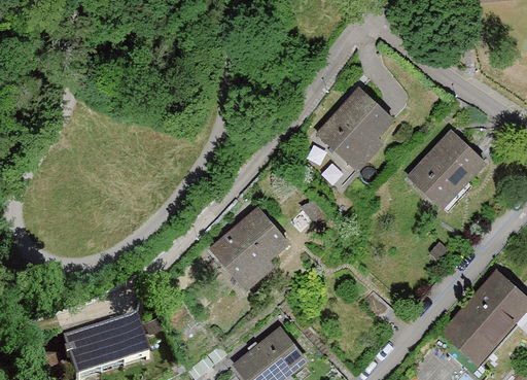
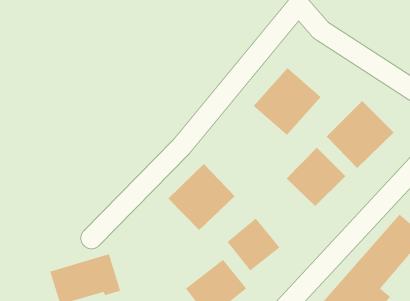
building: none -> [286,147,346,207]
building: none -> [226,217,280,272]

